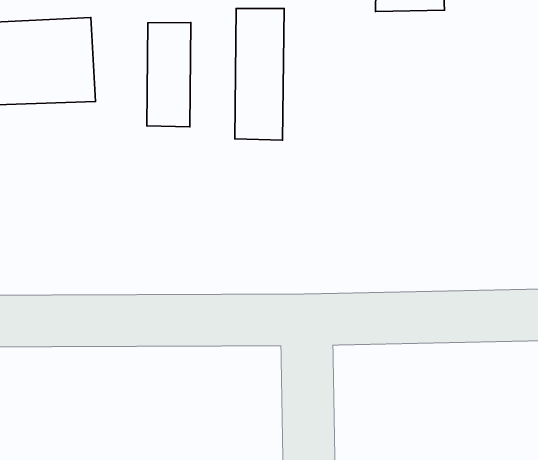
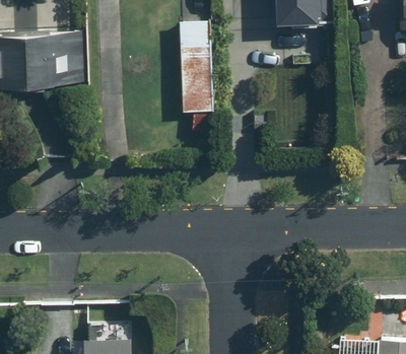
building: [147,23,191,127] -> none

